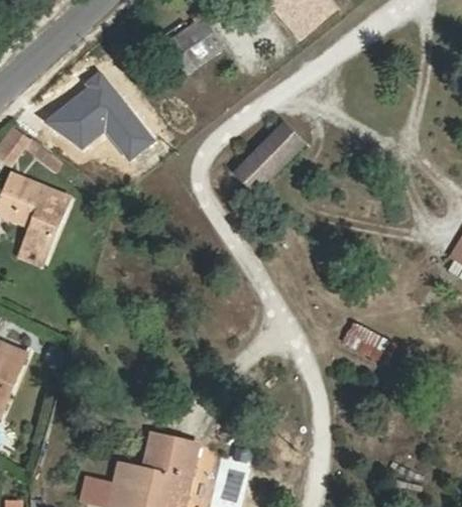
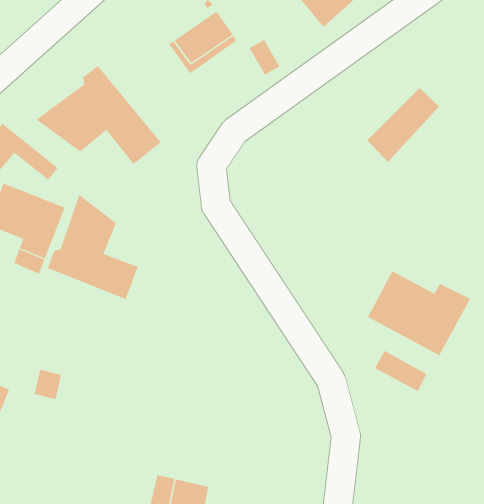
building: [235,124,301,192] -> [366,87,440,163]
building: none -> [47,194,139,300]
building: none -> [367,271,471,356]

